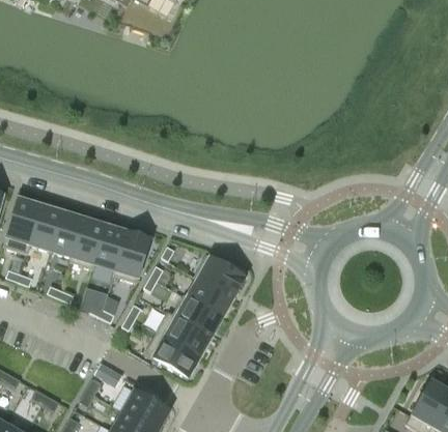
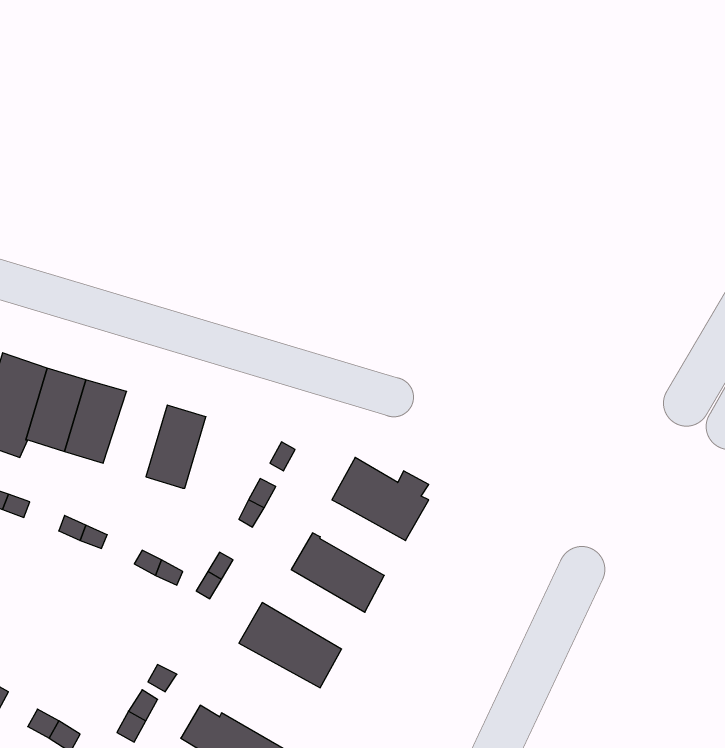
building: [69,218,106,267] -> none
building: [113,231,150,282] -> none
building: [188,278,233,316] -> none
building: [157,310,212,355] -> none

